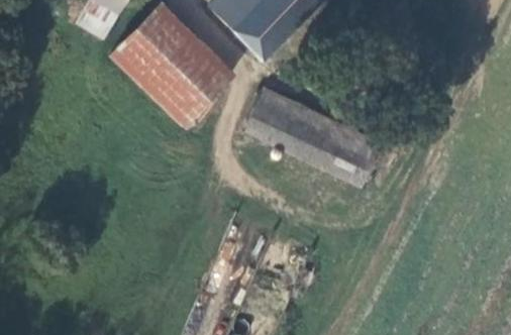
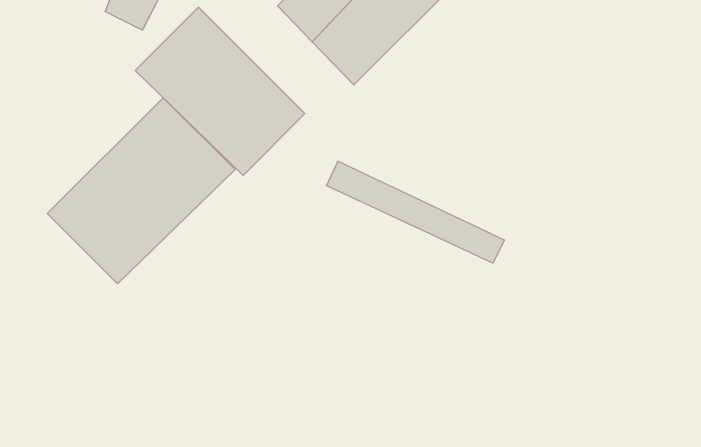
building: none -> [47,98,235,284]
building: [251,86,382,170] -> none

